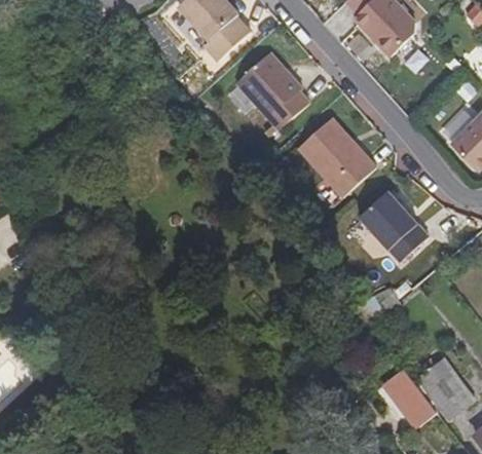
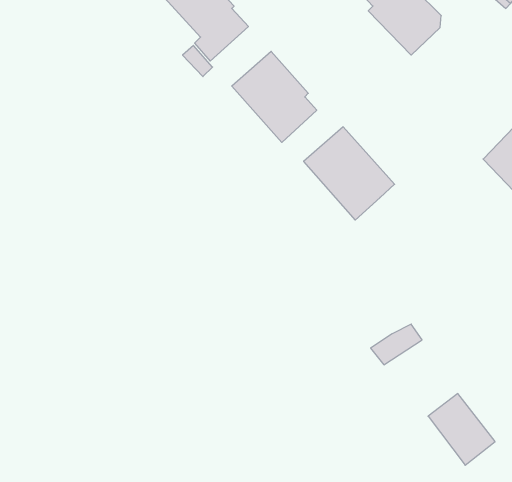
building: [361,192,430,263] -> none
building: [383,358,427,414] -> none

